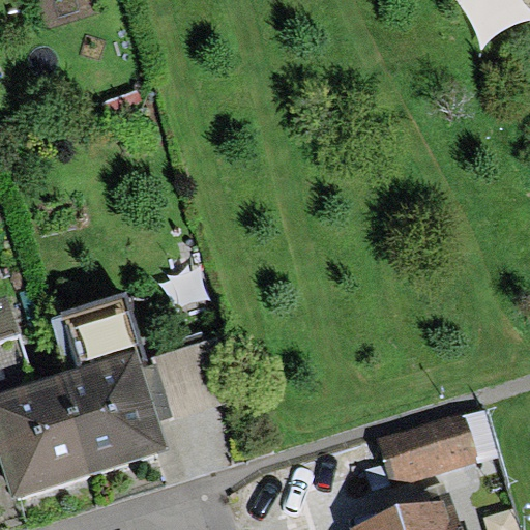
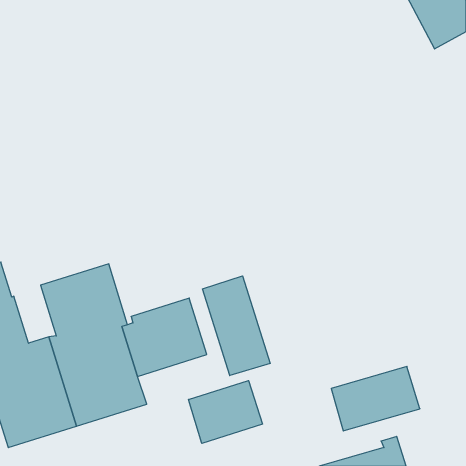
building: none -> [203,276,270,376]
building: none -> [189,381,263,443]

